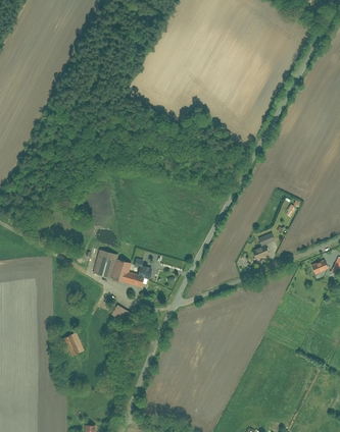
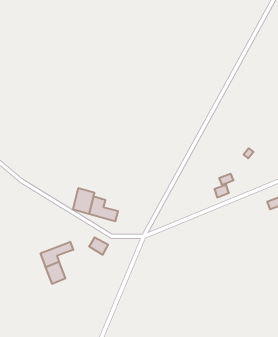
building: none -> [41,242,73,267]

